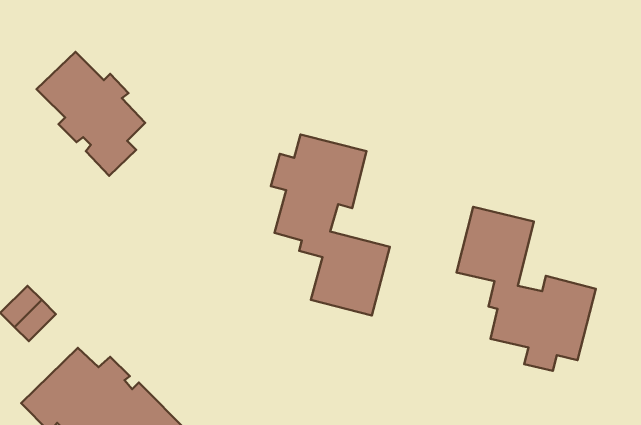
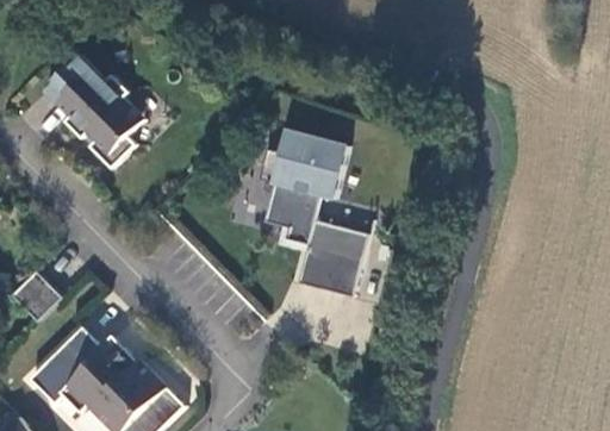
building: [457,207,596,371] -> none

